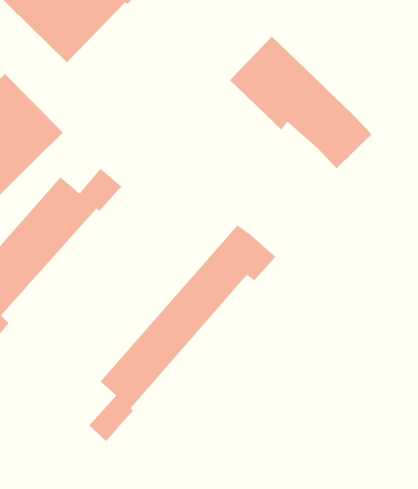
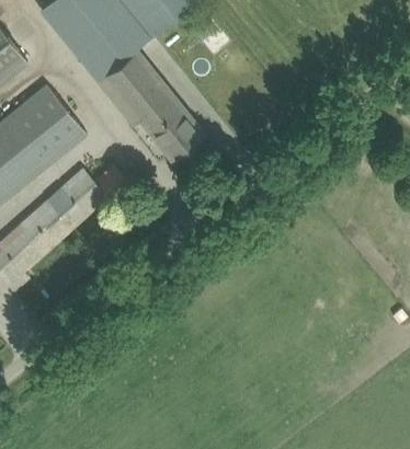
building: [229,36,372,169] -> [98,50,204,160]
building: [88,224,276,442] -> none

